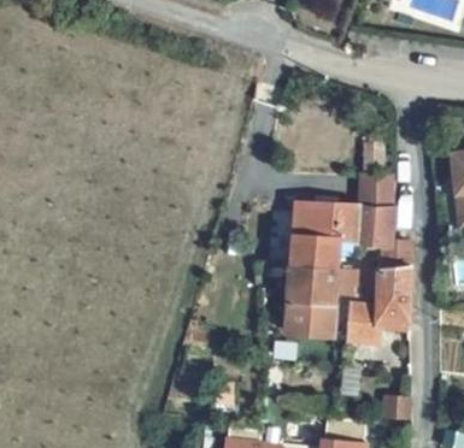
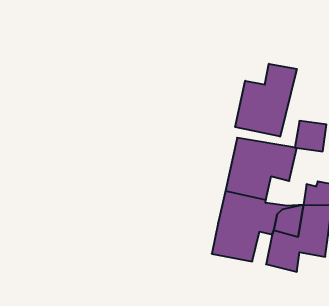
building: none -> [235,64,297,137]
building: [360,207,394,247] -> none

